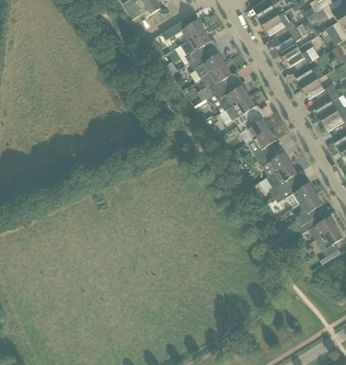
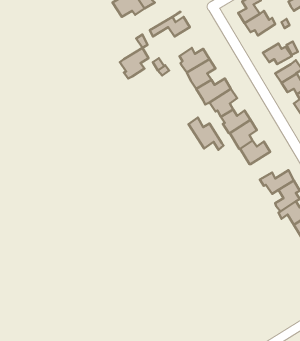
building: [276,26,302,57] -> none
building: [181,30,211,62] -> [120,48,149,79]
building: none -> [188,118,223,150]
building: [266,162,297,196] -> none

